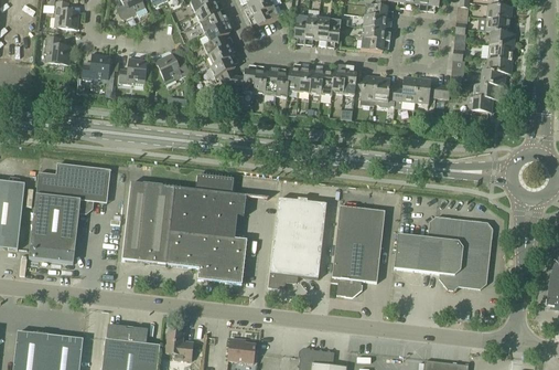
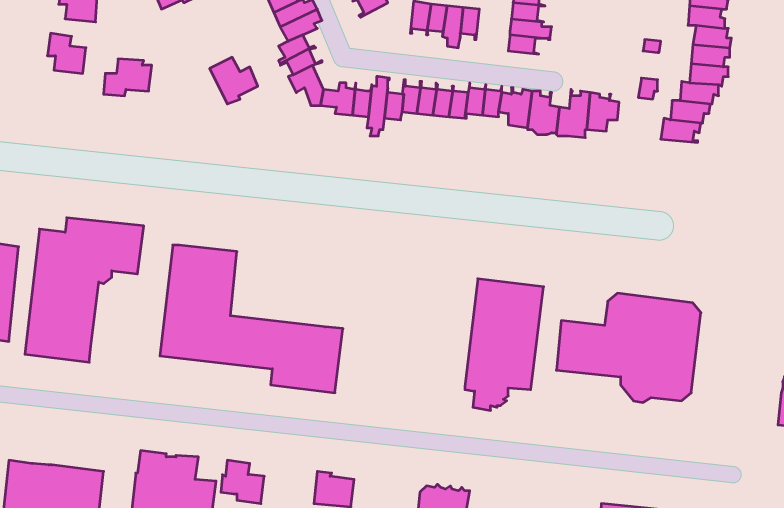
building: [119,56,147,84] -> none
building: [170,172,246,237] -> none
building: [268,197,326,287] -> none

